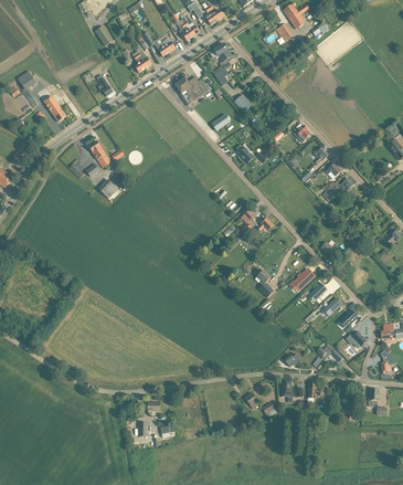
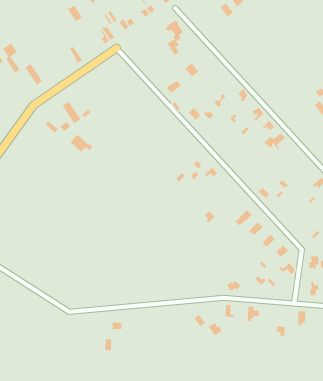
building: [176,76,206,105] -> none

